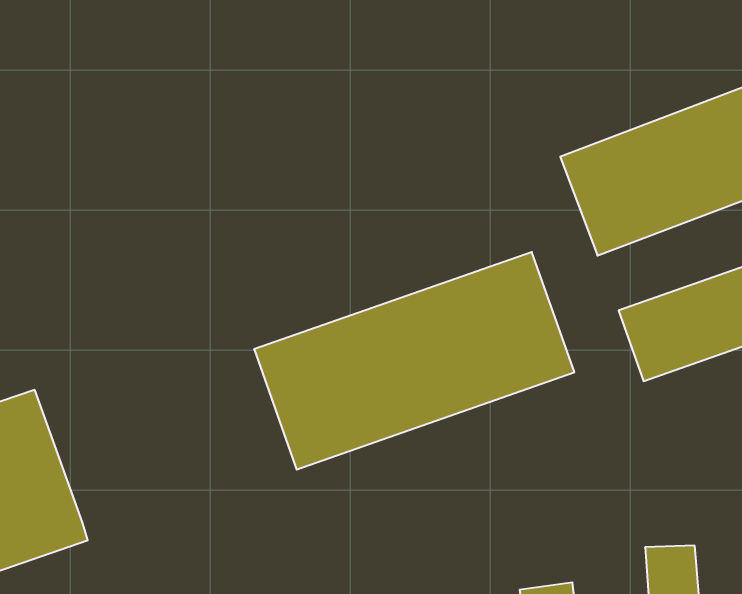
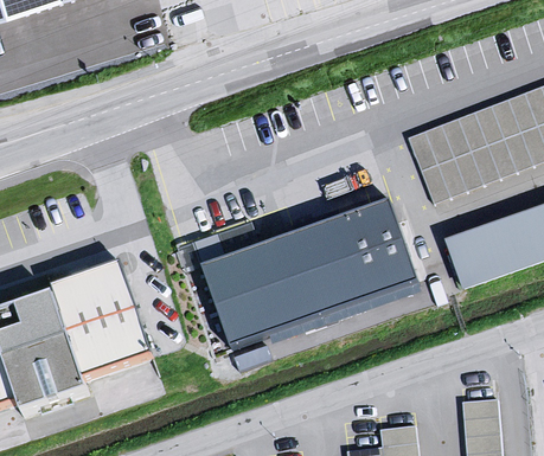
building: none -> [53,262,153,380]

